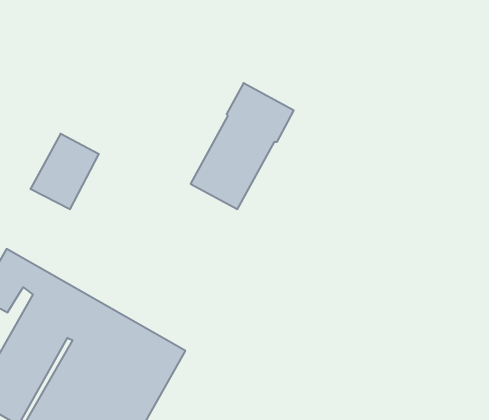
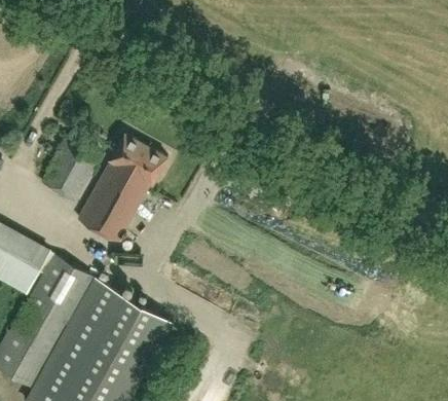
building: [191,83,294,209] -> [76,135,164,243]

